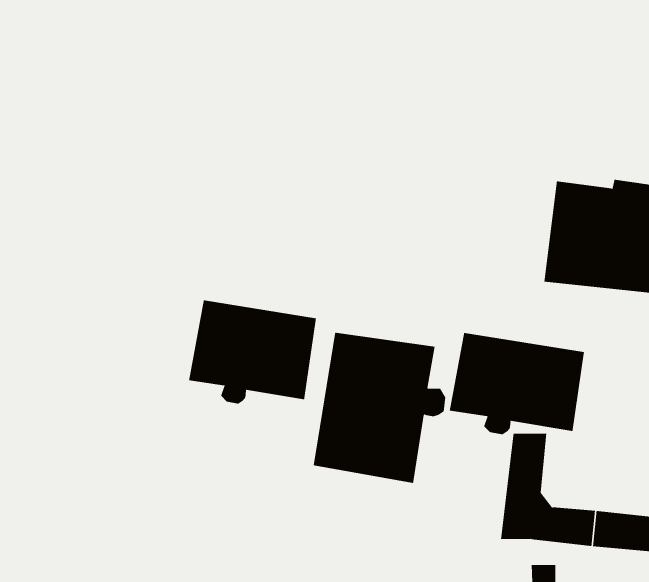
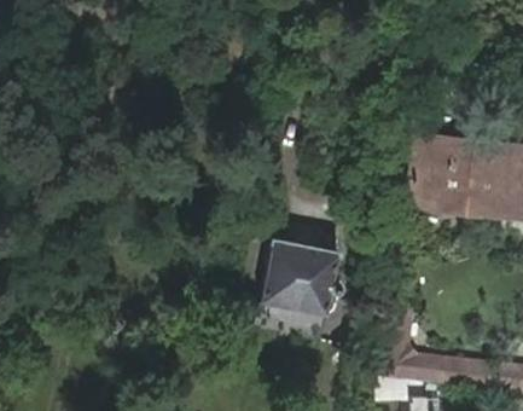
building: [189,300,317,405] -> none
building: [449,332,585,435] -> none

